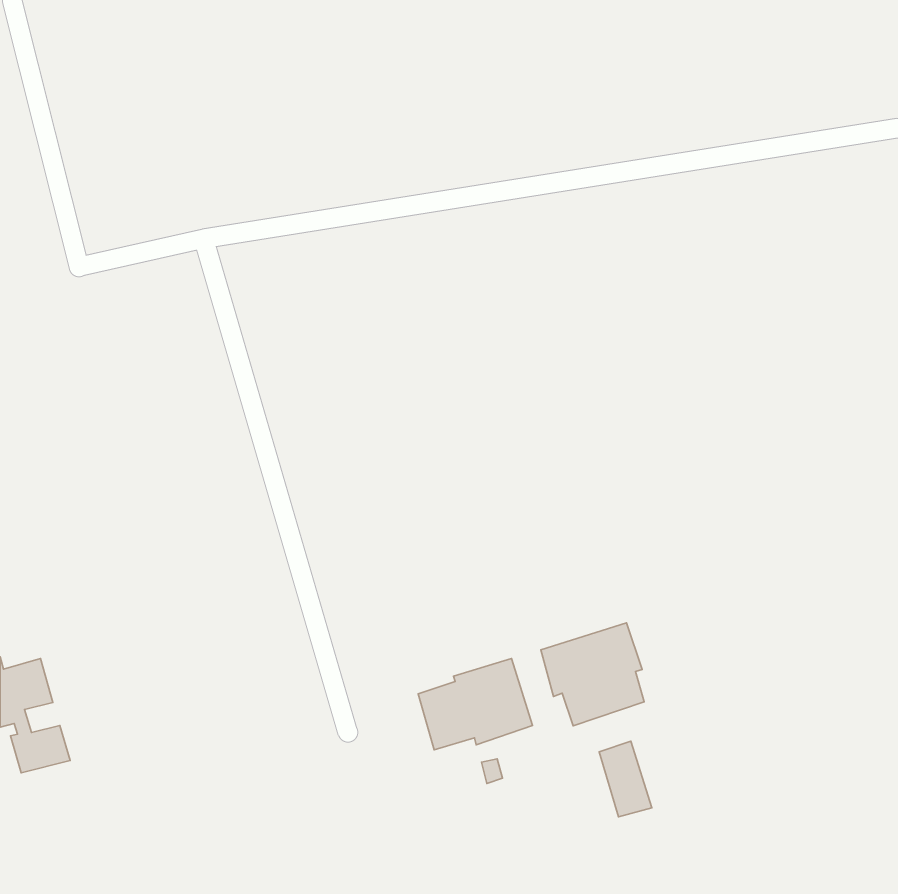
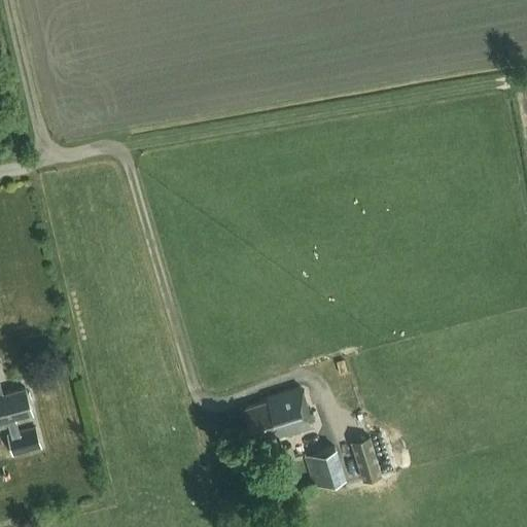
building: [541,623,644,726] -> none
building: none -> [304,449,344,489]

